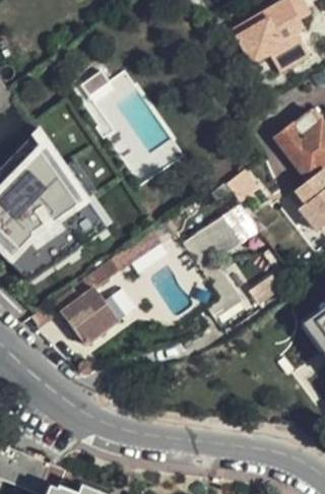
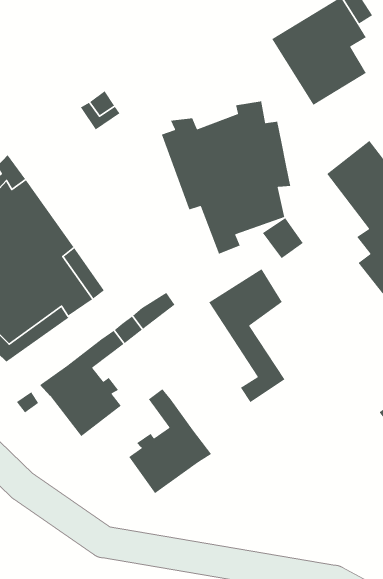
building: none -> [161,101,291,255]
building: none -> [128,388,212,494]

